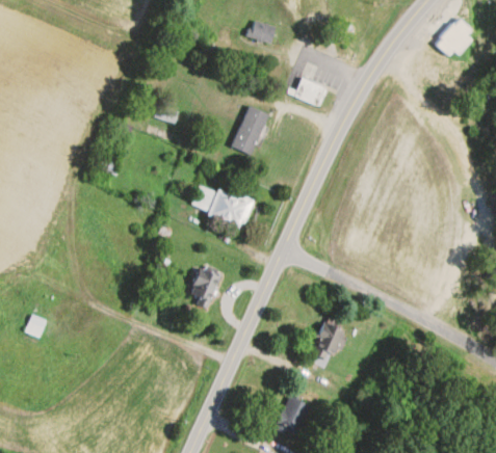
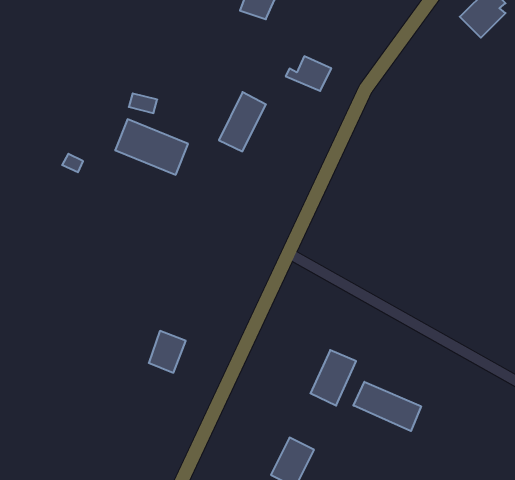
building: [191,182,253,229] -> [115,119,188,175]
building: [190,267,221,302] -> [149,331,186,373]
building: none -> [353,382,421,431]

